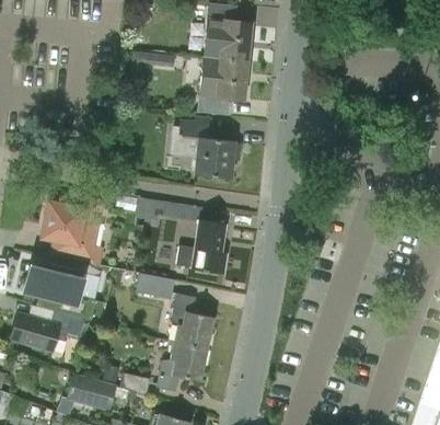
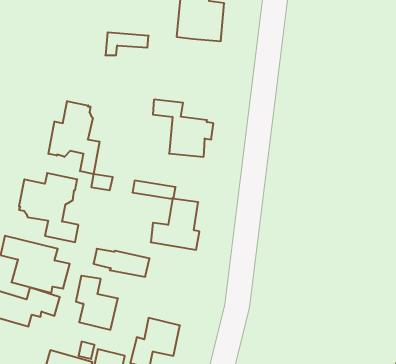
building: [197,56,247,115] -> none
building: none -> [48,101,100,174]
building: [171,294,213,348] -> [76,276,118,330]

